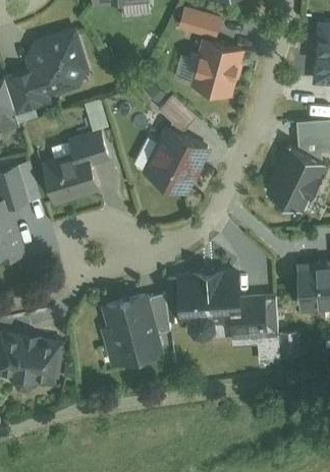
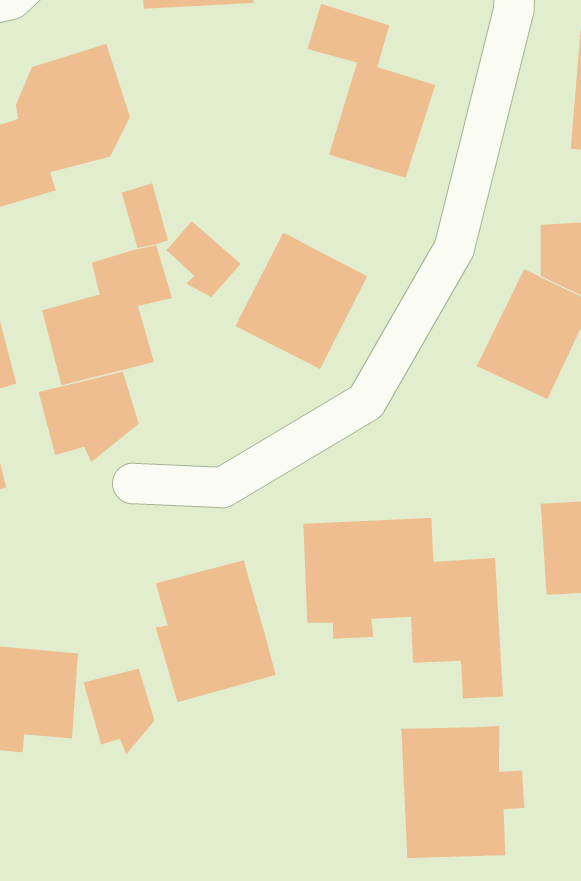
building: [158,94,197,133] -> [166,220,241,298]
building: none -> [38,371,139,463]
building: [147,292,169,332] -> none
building: none -> [83,668,155,755]
building: none -> [401,725,525,859]

